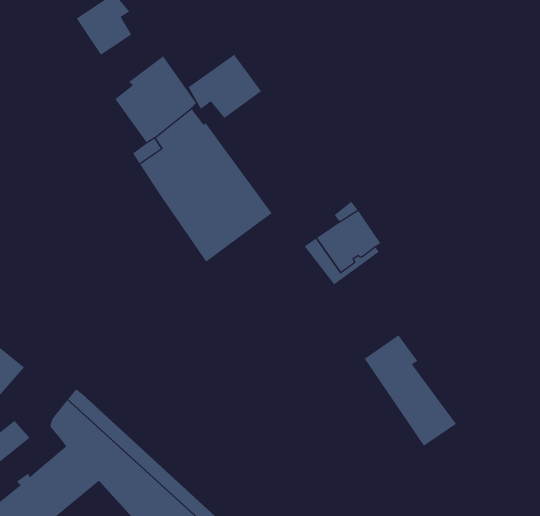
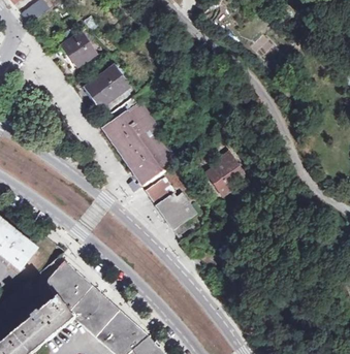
building: [188,54,262,119] -> none
building: [364,334,457,447] -> [144,175,198,242]

